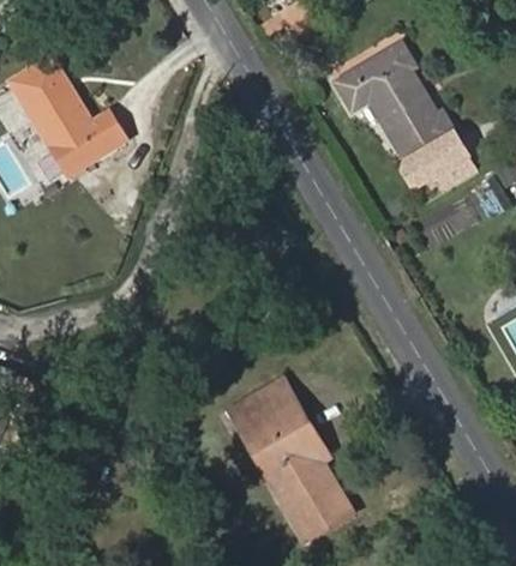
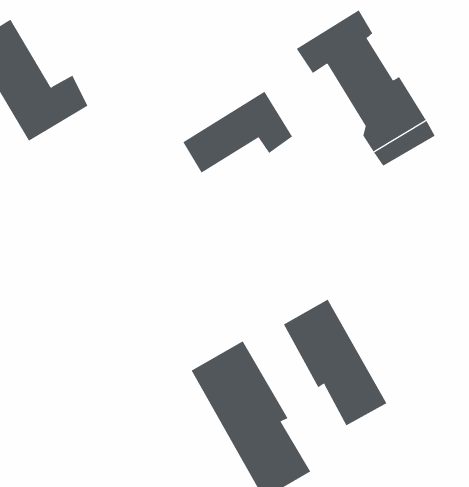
building: none -> [182,91,293,174]
building: none -> [283,299,387,426]

